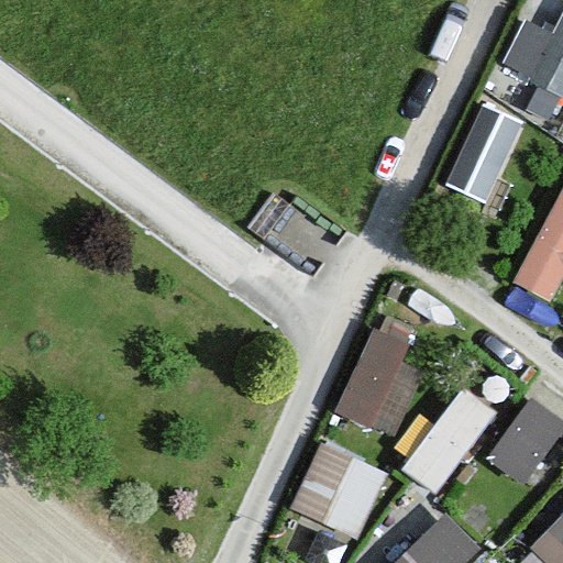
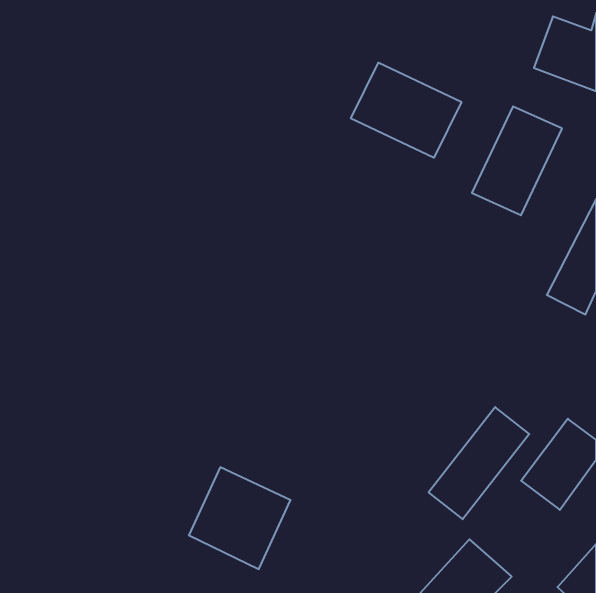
building: none -> [351,63,461,158]
building: [336,335,429,439] -> none
building: [292,443,388,539] -> [189,467,291,569]

